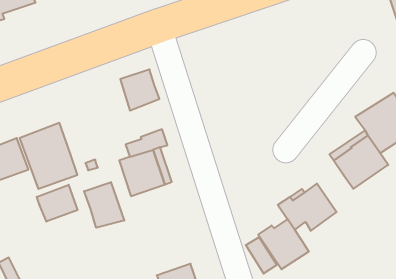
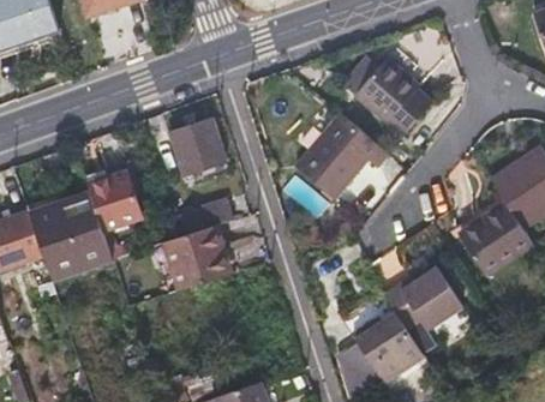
building: none -> [352,59,427,134]
building: none -> [297,114,385,199]
building: none -> [86,169,142,229]
building: [84,182,124,228] -> none
building: [37,185,78,222] -> none

